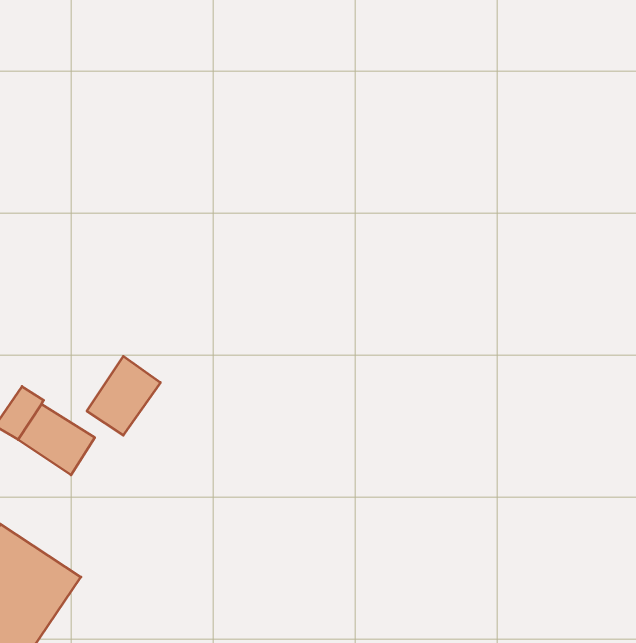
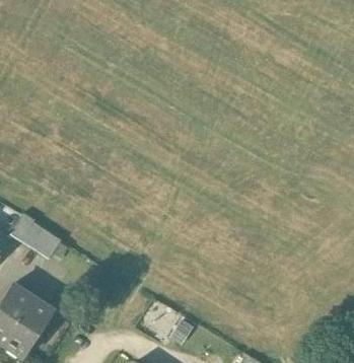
building: [87,356,160,435] -> none

